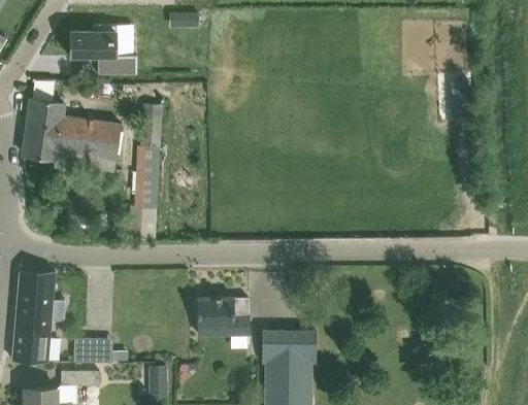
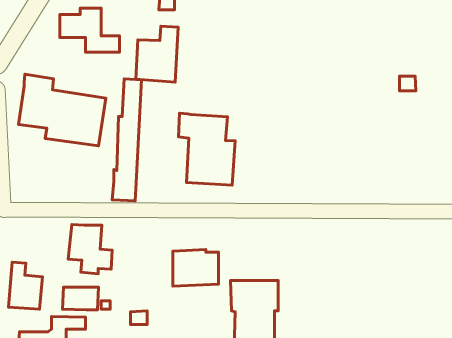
building: none -> [136,26,178,82]
building: none -> [179,113,235,185]
building: [16,270,66,326] -> [68,224,112,274]

